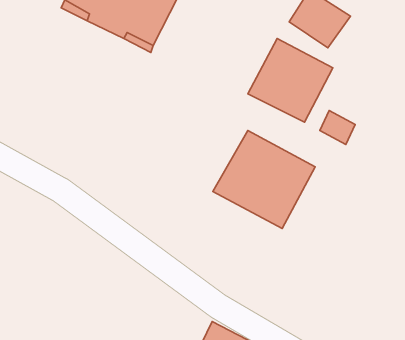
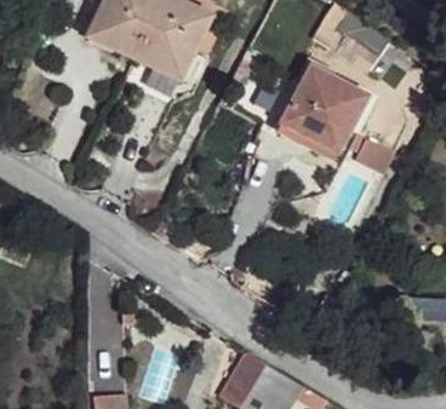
building: [213,130,315,228] -> none

